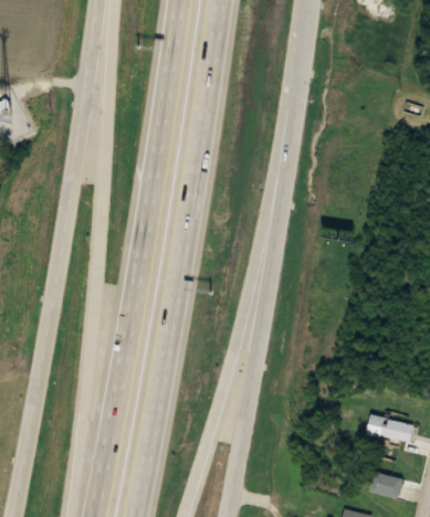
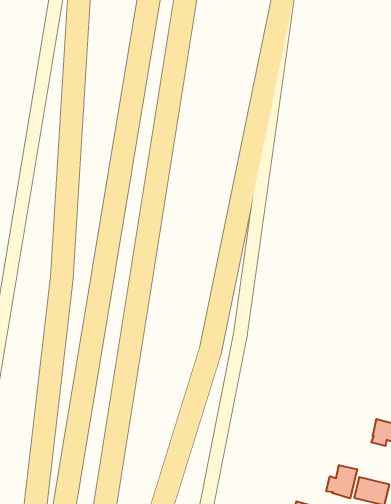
building: none -> [326,465,357,498]

